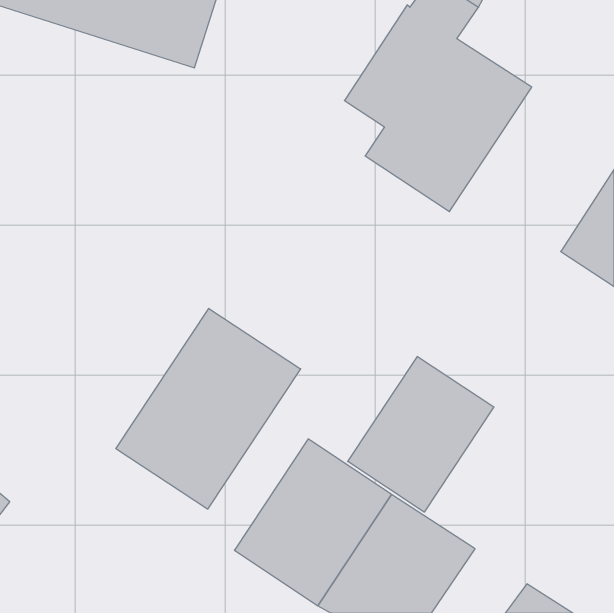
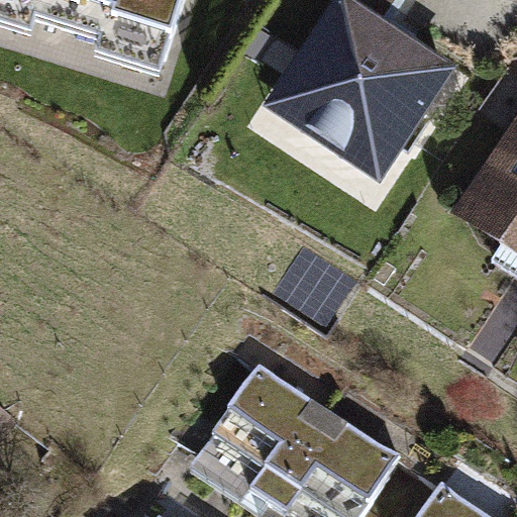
building: [116,308,301,509] -> none
building: [348,356,494,512] -> none

